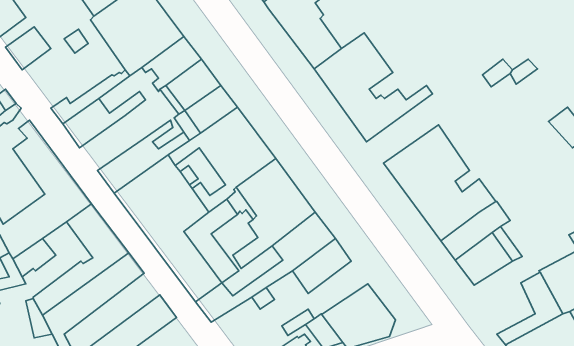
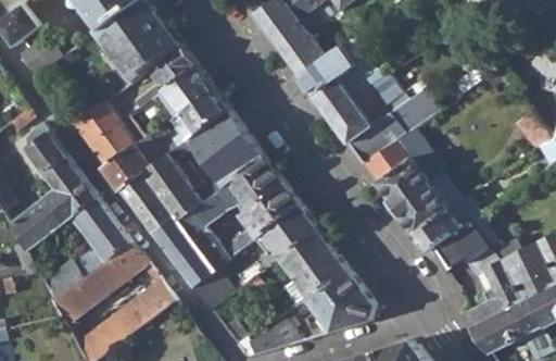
building: none -> [345,86,438,161]
building: none -> [85,117,142,167]
building: none -> [292,250,346,298]

